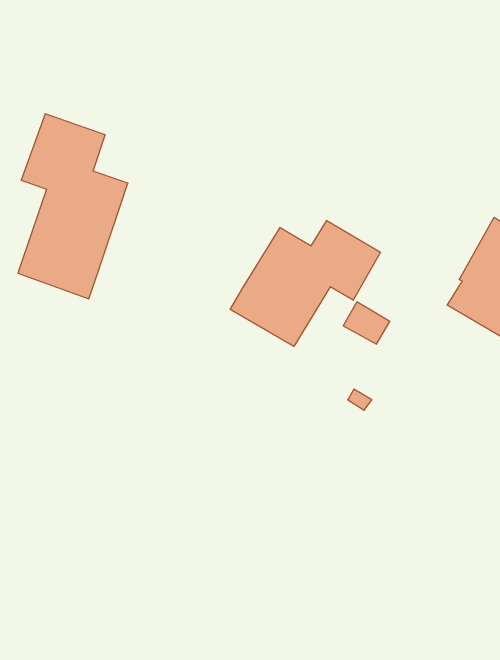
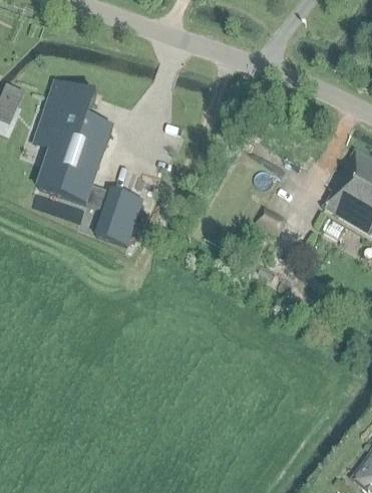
building: [230,220,381,346] -> none
building: none -> [85,182,142,243]

